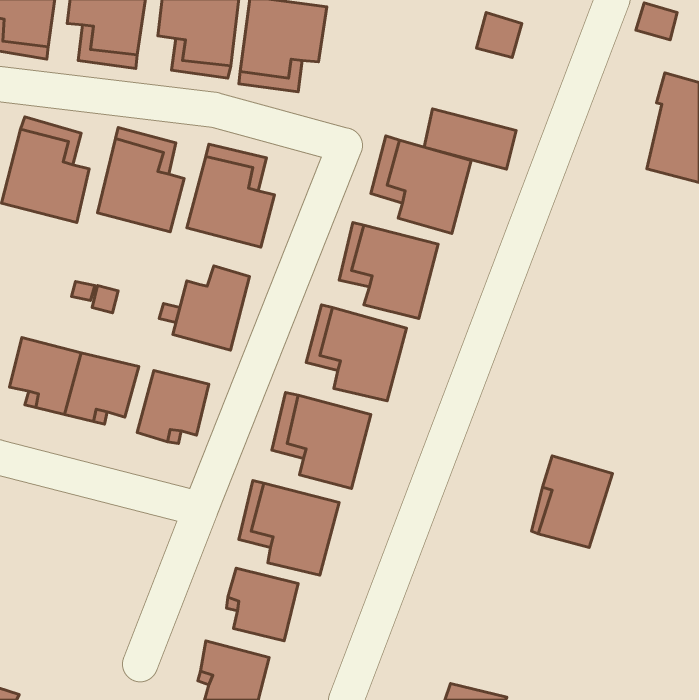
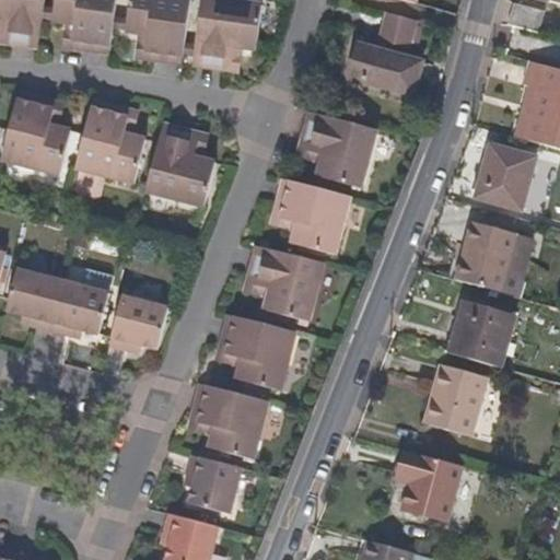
building: [424,109,516,169] -> [350,45,423,93]
building: none -> [470,148,532,210]
building: [173,266,250,350] -> none
building: none -> [451,221,520,291]
building: none -> [447,301,512,366]
building: none -> [397,451,459,522]

